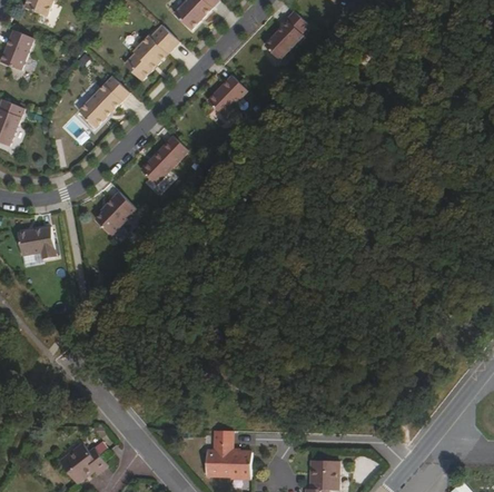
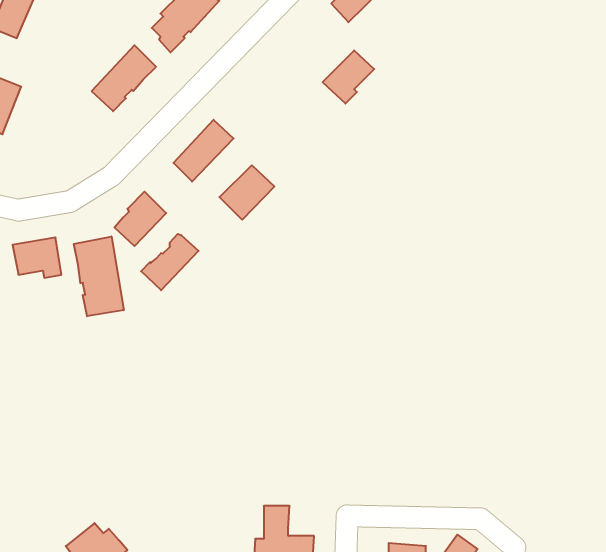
building: [208,72,248,114] -> [323,50,374,104]
building: none -> [219,165,274,220]
building: none -> [141,234,199,290]
building: none -> [74,236,124,316]

